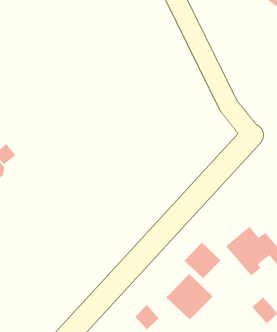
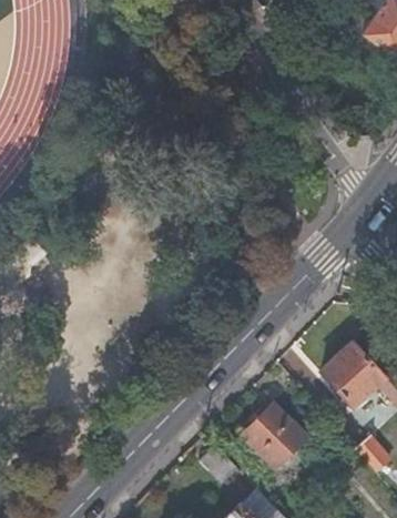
building: [184,242,221,279] -> none

